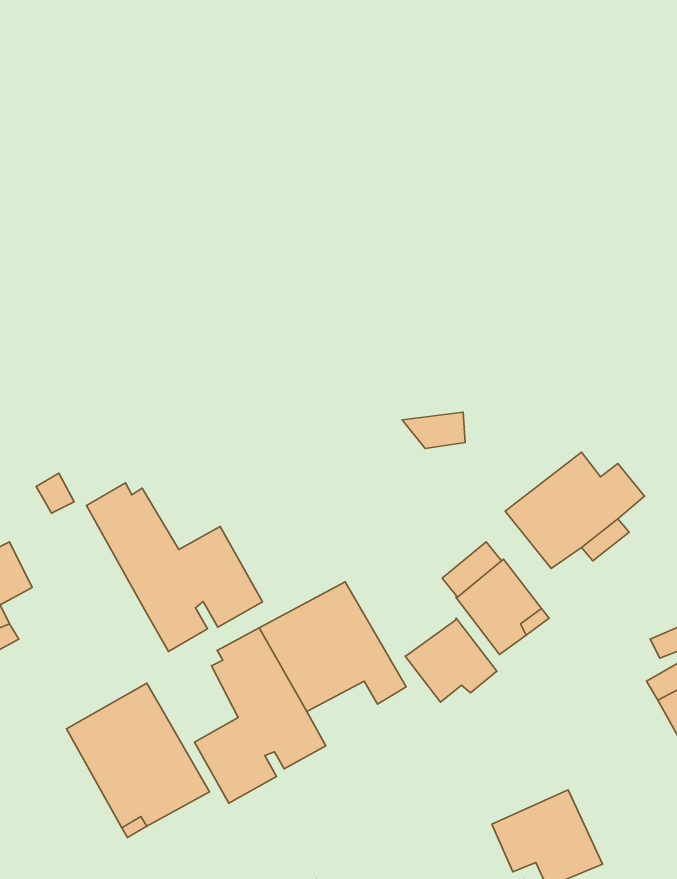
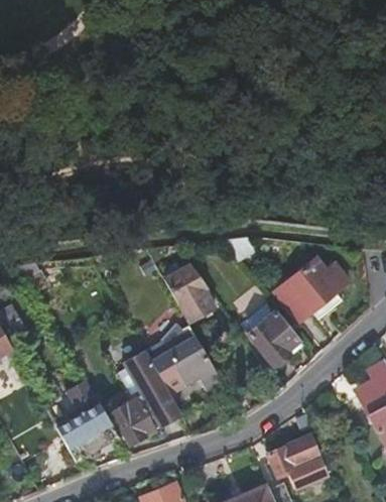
building: none -> [166,269,216,323]
building: [87,483,263,652] -> none
building: [405,618,497,702] -> none

